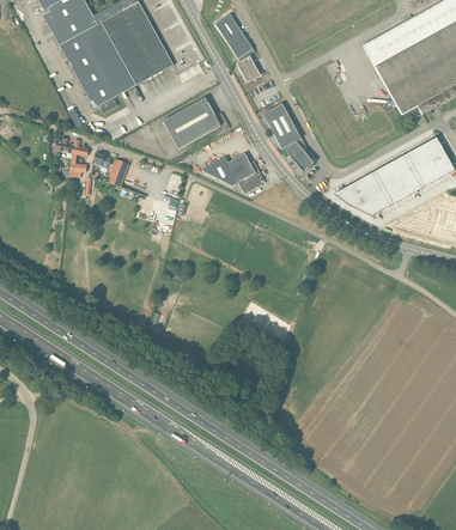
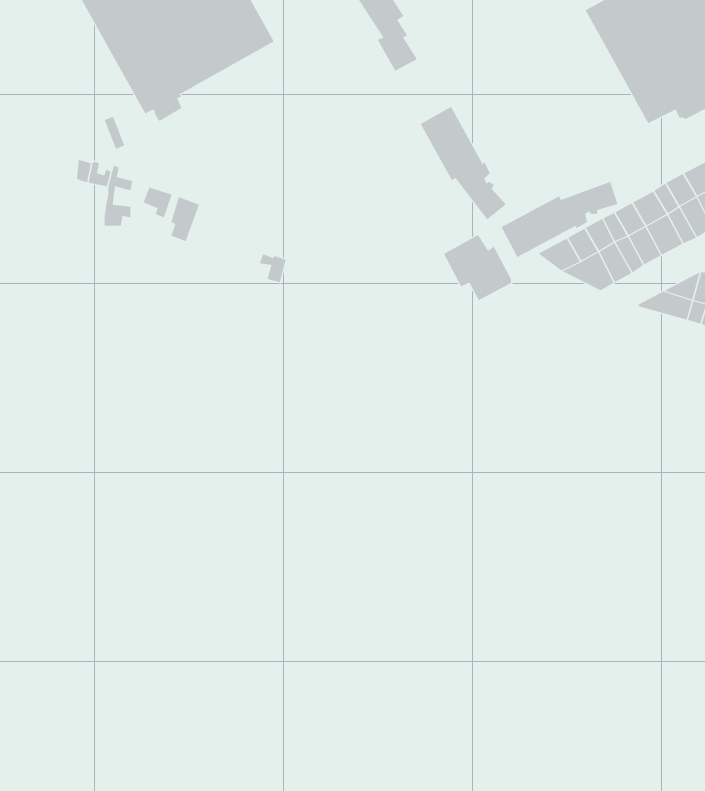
building: [163,97,230,148] -> none
building: none -> [501,181,618,258]
building: [223,152,265,193] -> [443,234,512,301]

